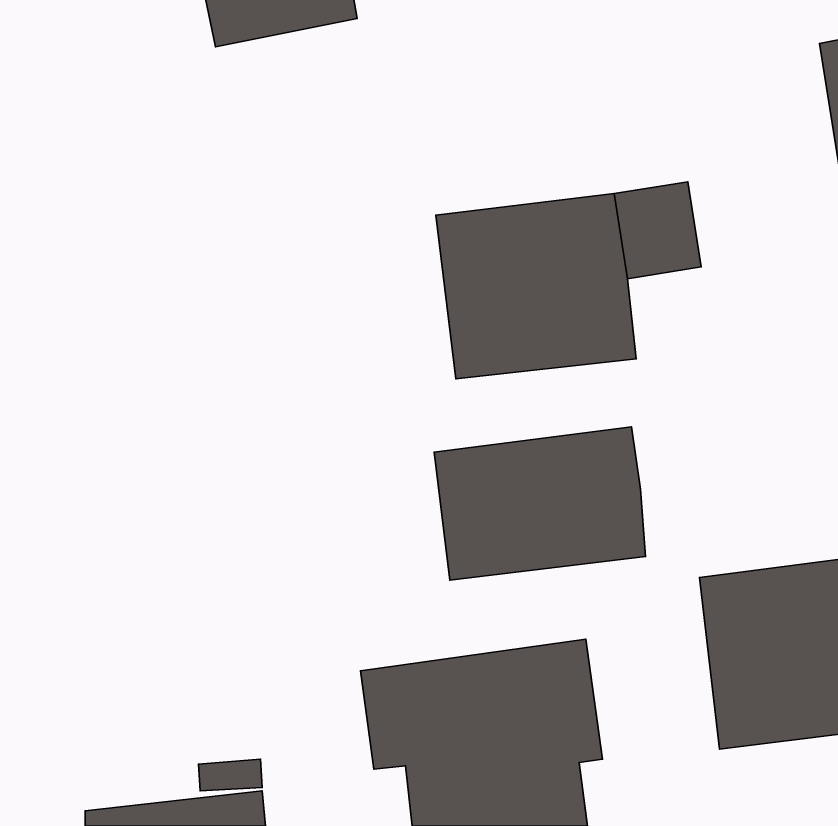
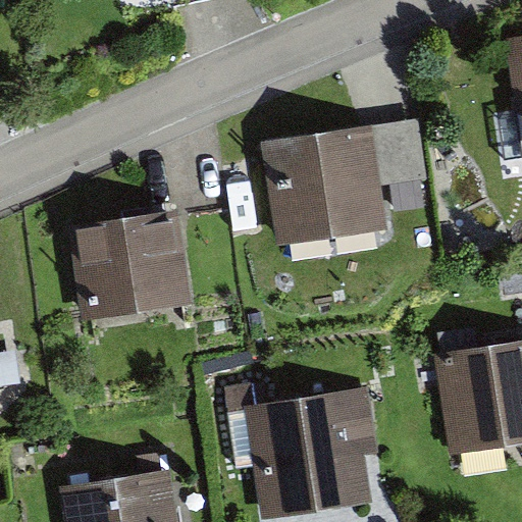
building: none -> [70,221,190,326]
building: [434,427,645,580] -> none

